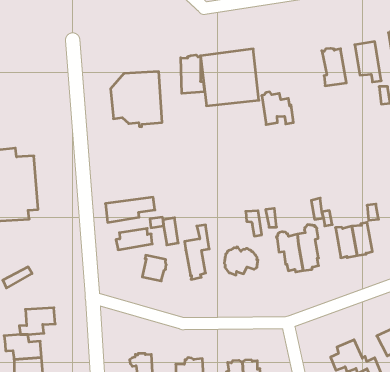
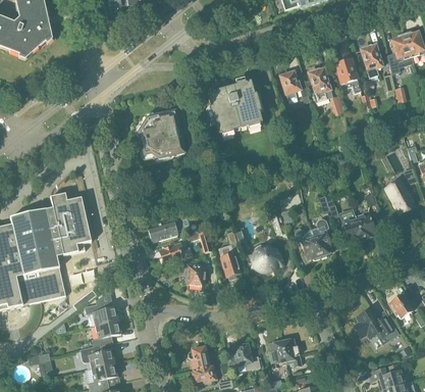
building: [181,55,204,93] -> none
building: [262,92,293,125] -> [279,71,309,99]
building: none -> [85,302,118,325]

